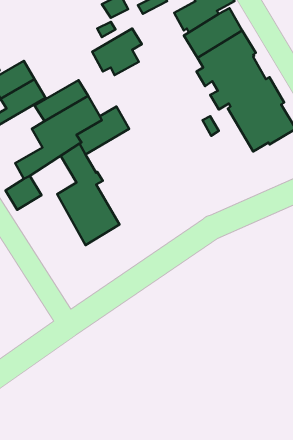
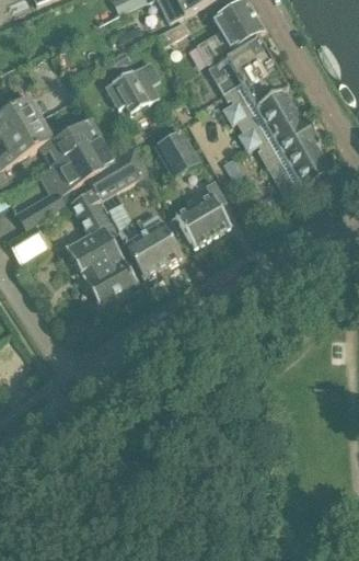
building: none -> [154,129,200,176]
building: none -> [176,180,231,247]
building: none -> [118,219,181,277]

